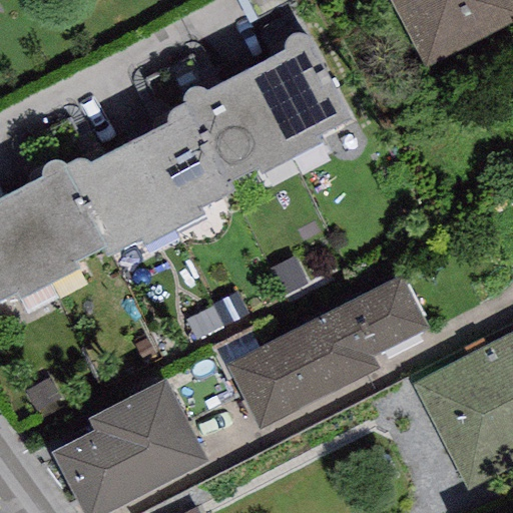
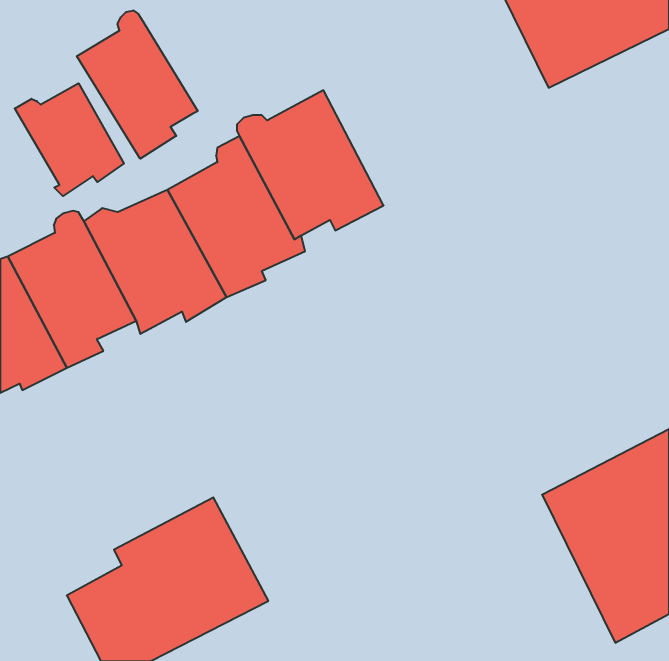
building: none -> [77,10,198,159]
building: [247,30,349,157] -> none
building: none -> [15,83,124,196]
building: [228,277,428,427] -> none

